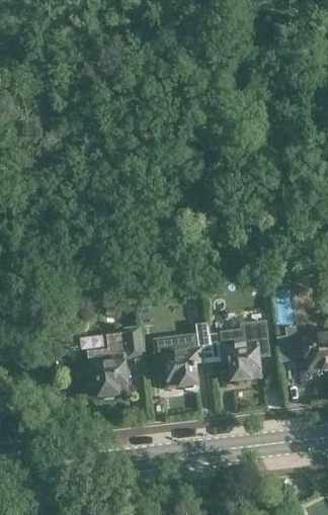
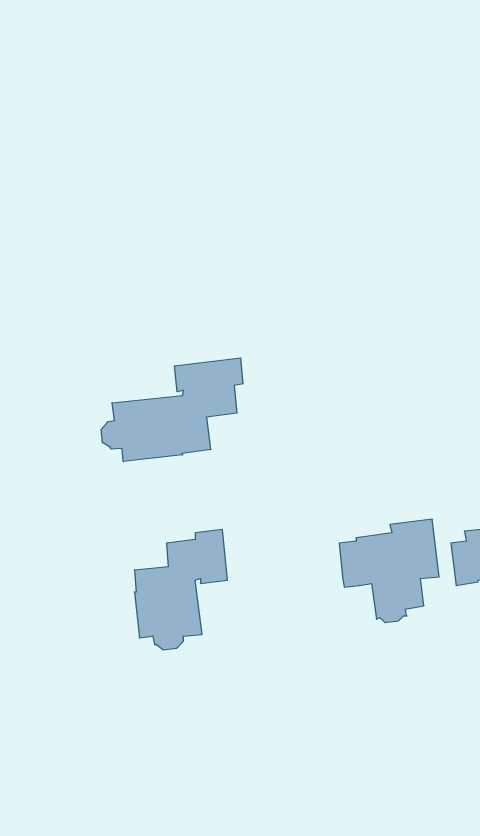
building: none -> [101,358,243,462]
building: [154,323,213,388] -> none

